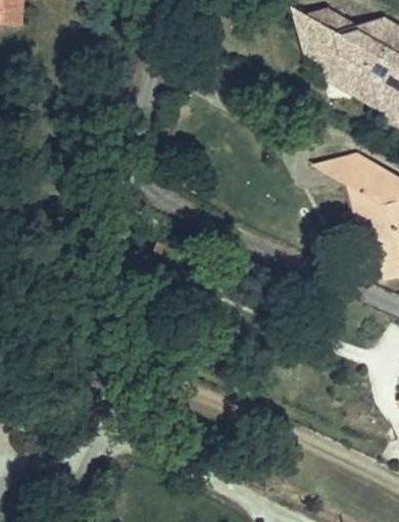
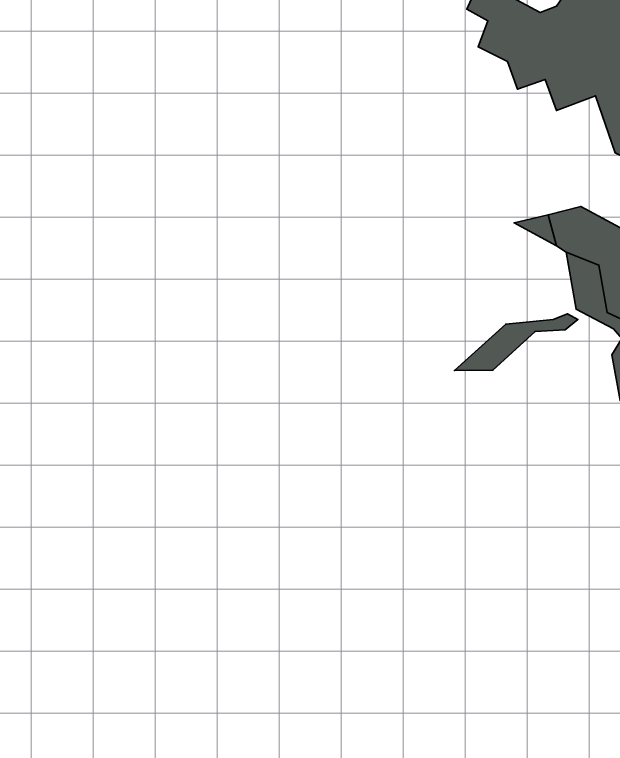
building: none -> [455,314,578,371]

